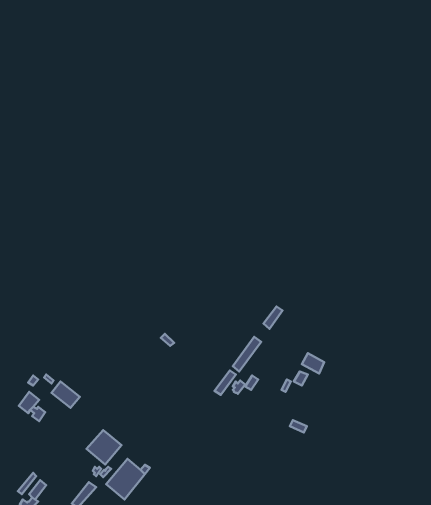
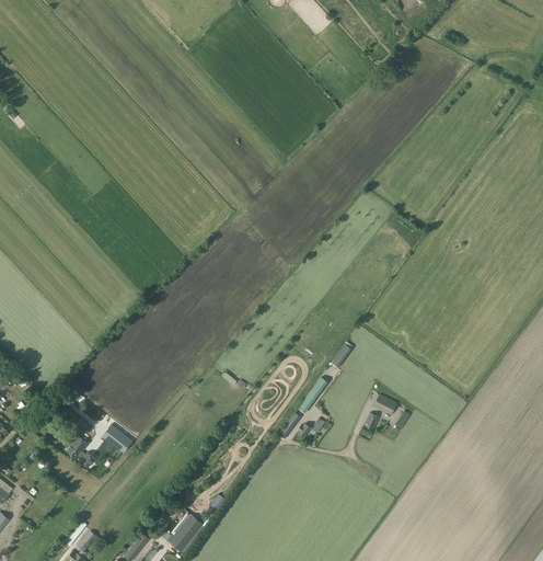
building: [87,430,121,465] -> none

